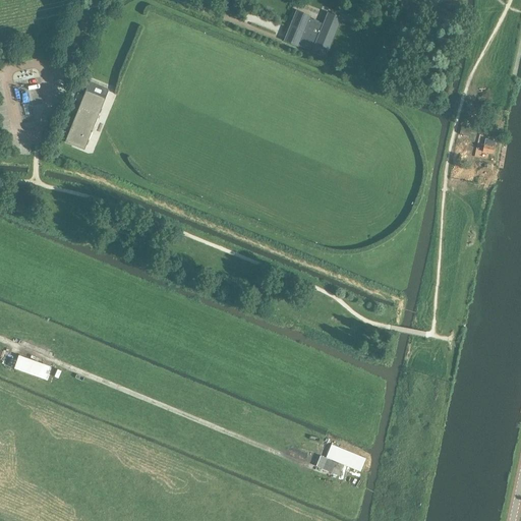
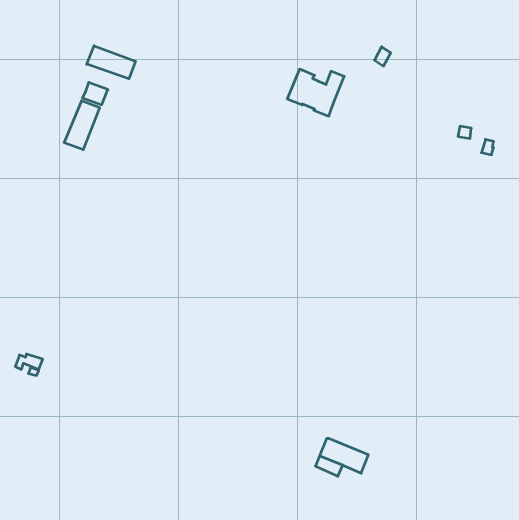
building: [283,11,340,58] -> [287,69,344,116]
building: none -> [87,46,135,79]

